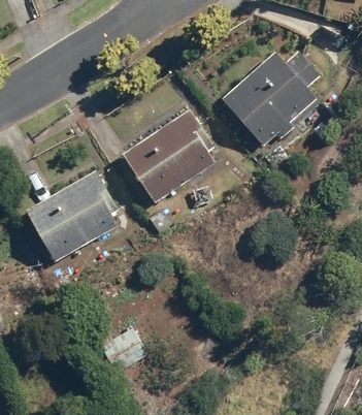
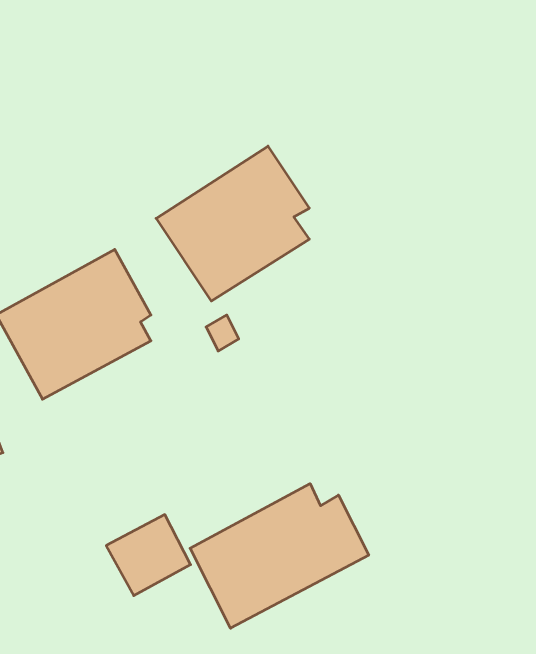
building: [221,53,317,145] -> none
building: none -> [190,484,369,628]

